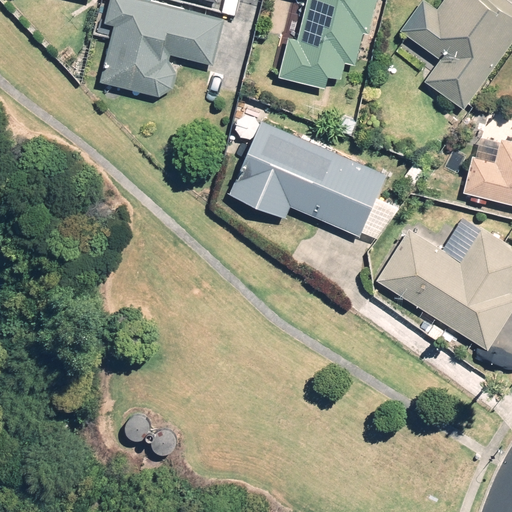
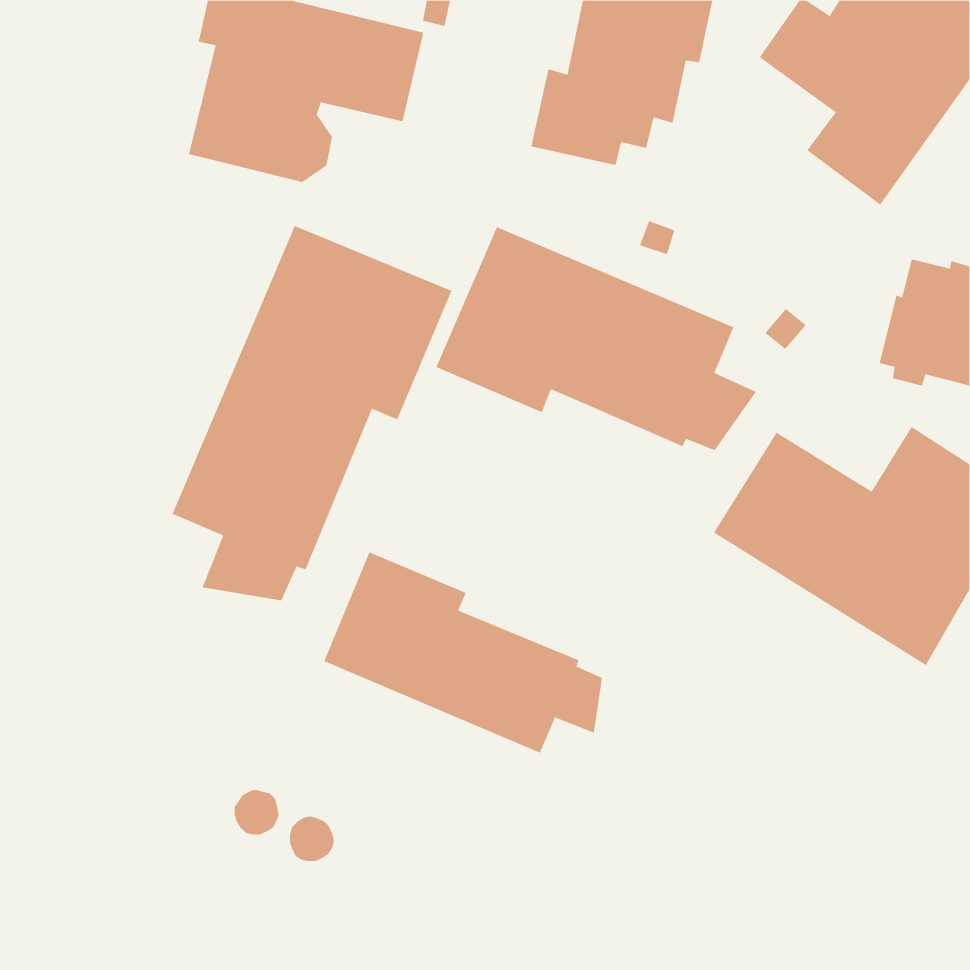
building: none -> [172,225,452,601]
building: none -> [324,552,603,753]

